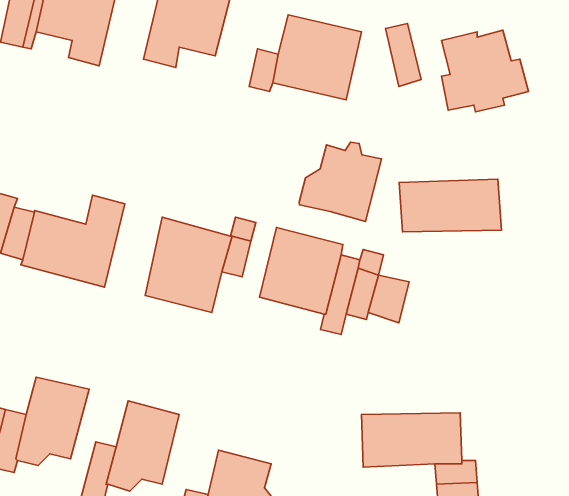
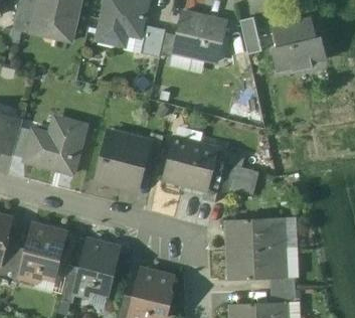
building: none -> [142,25,166,56]
building: [299,142,381,222] -> none
building: [399,179,501,232] -> [224,217,285,249]

